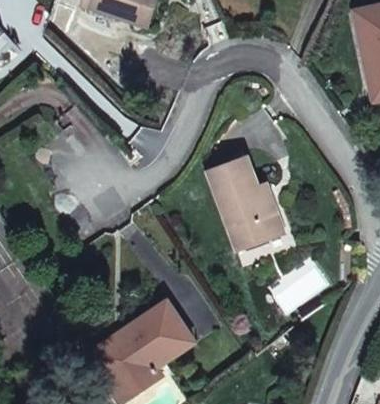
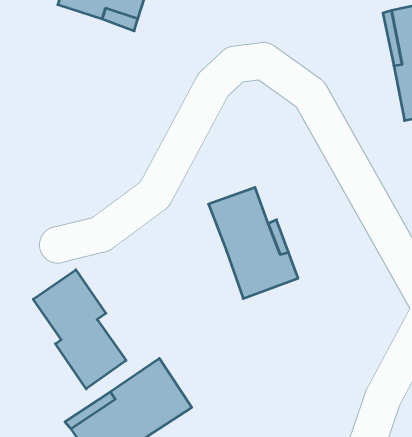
building: none -> [33,270,126,389]

